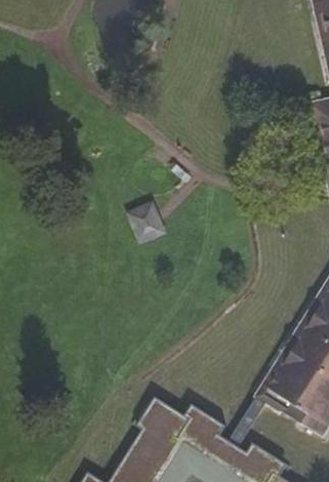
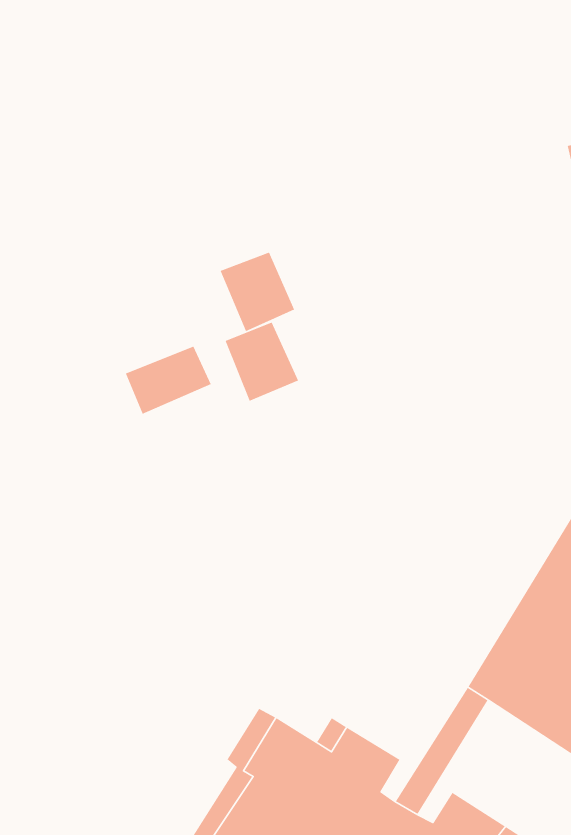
building: none -> [220,251,295,332]
building: none -> [125,345,212,415]

